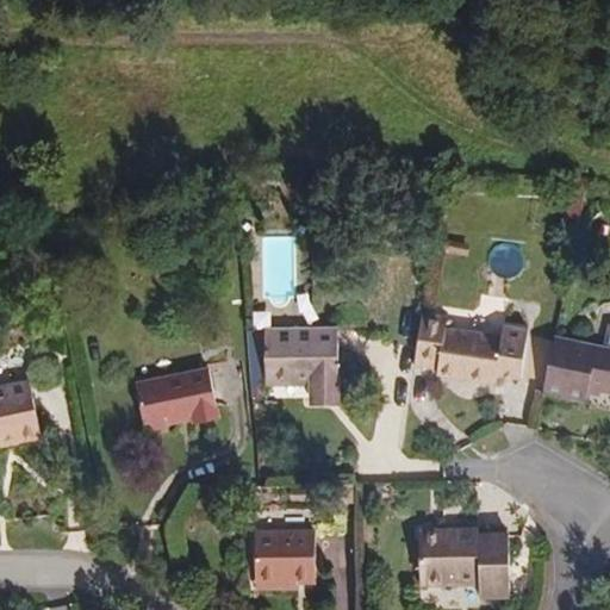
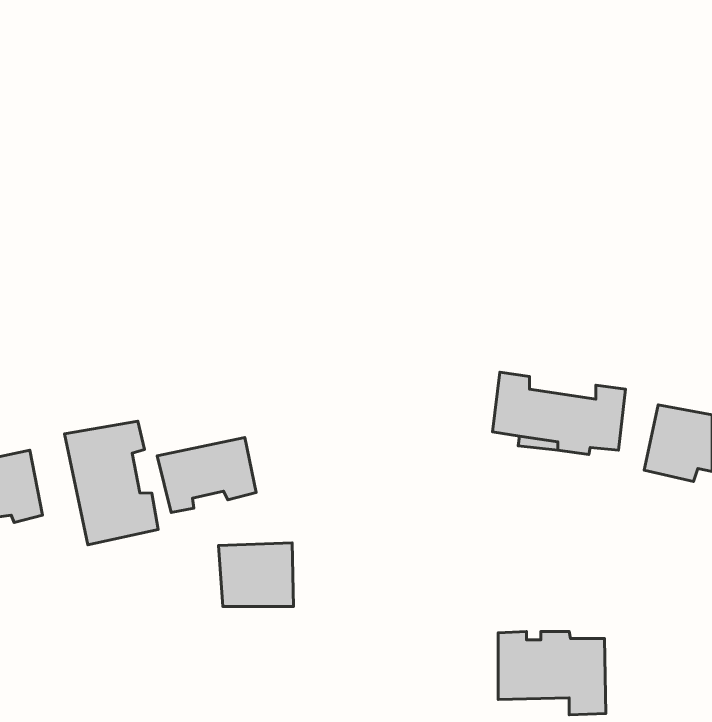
building: [276,329,337,397] -> none
building: none -> [65,421,158,545]
building: [253,529,316,583] -> [219,543,294,607]

